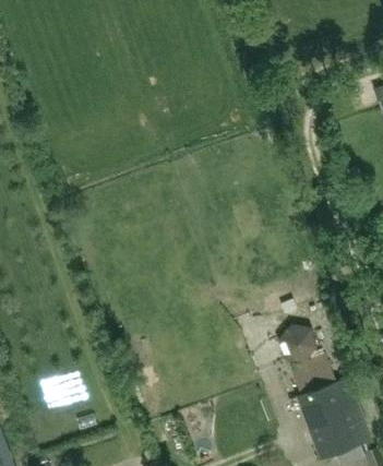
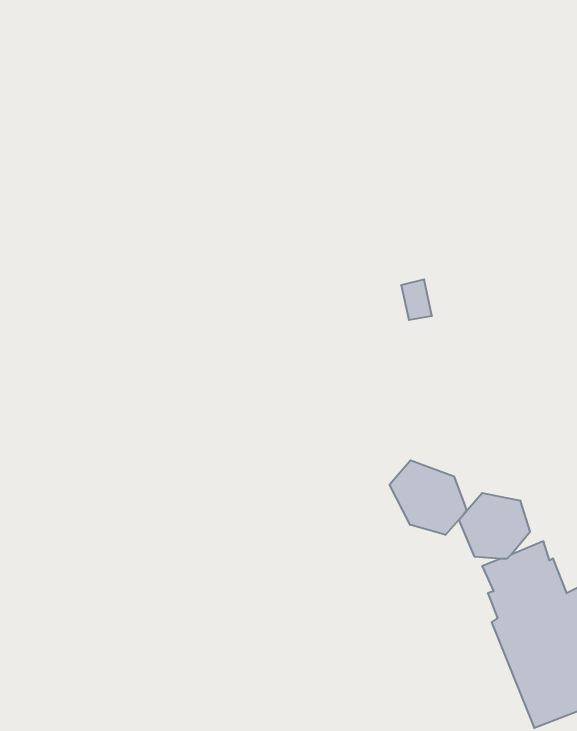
building: none -> [390,460,466,535]

